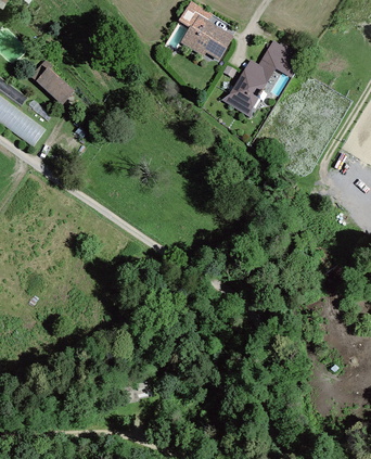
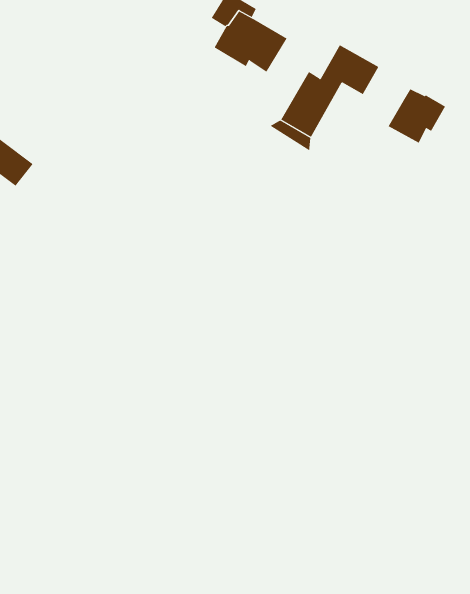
building: [30,61,75,105] -> none
building: none -> [388,89,446,144]

